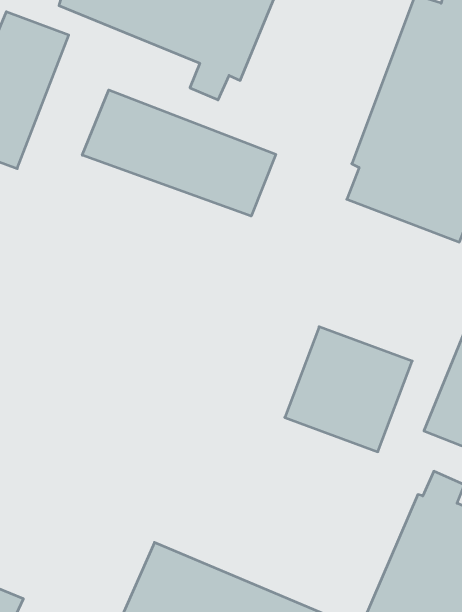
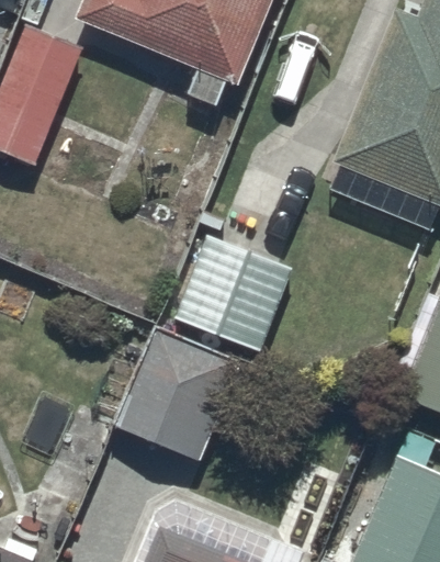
building: [82,90,276,216] -> none
building: [285,327,412,452] -> [178,237,292,349]
building: none -> [108,325,244,464]

